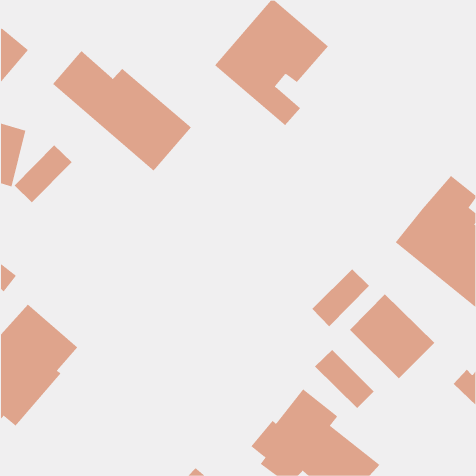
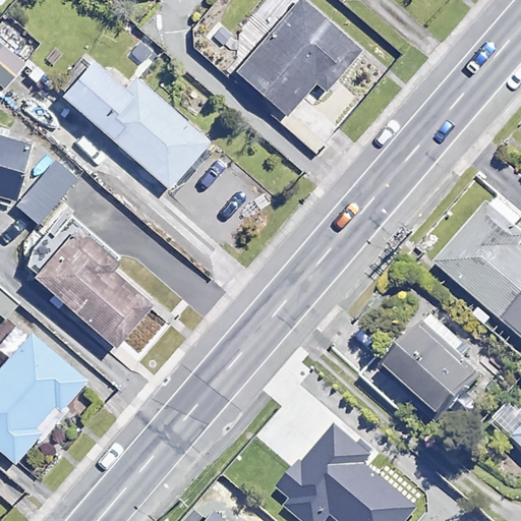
building: none -> [30,224,149,345]
building: [312,269,370,327] -> none
building: [314,349,374,409] -> none

